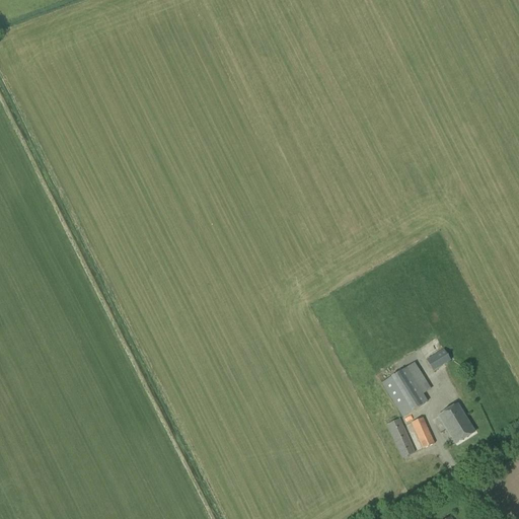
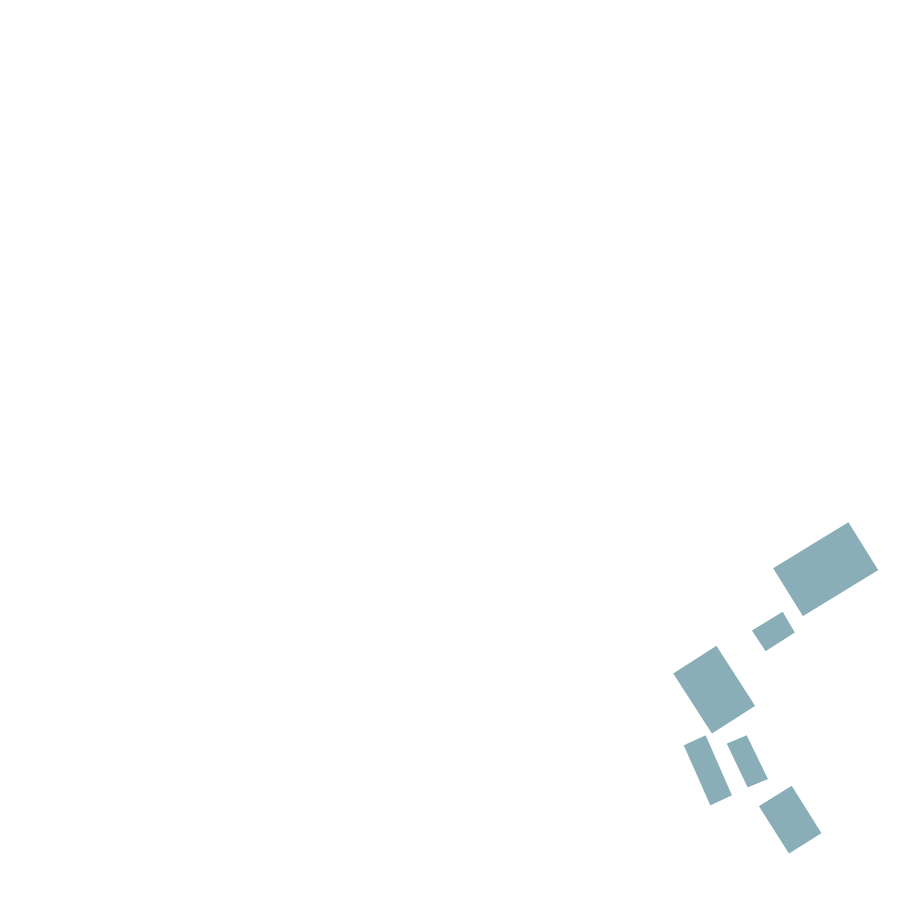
building: none -> [772,521,879,617]
building: [439,402,475,442] -> [758,785,823,855]

